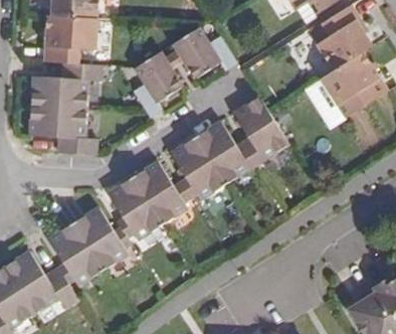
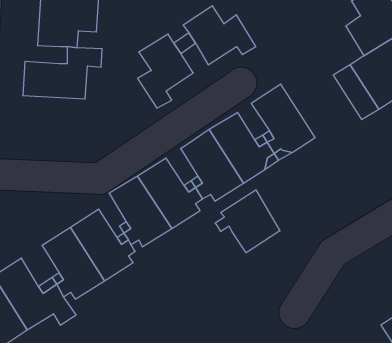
building: [29,106,97,154] -> none
building: none -> [215,190,280,253]

